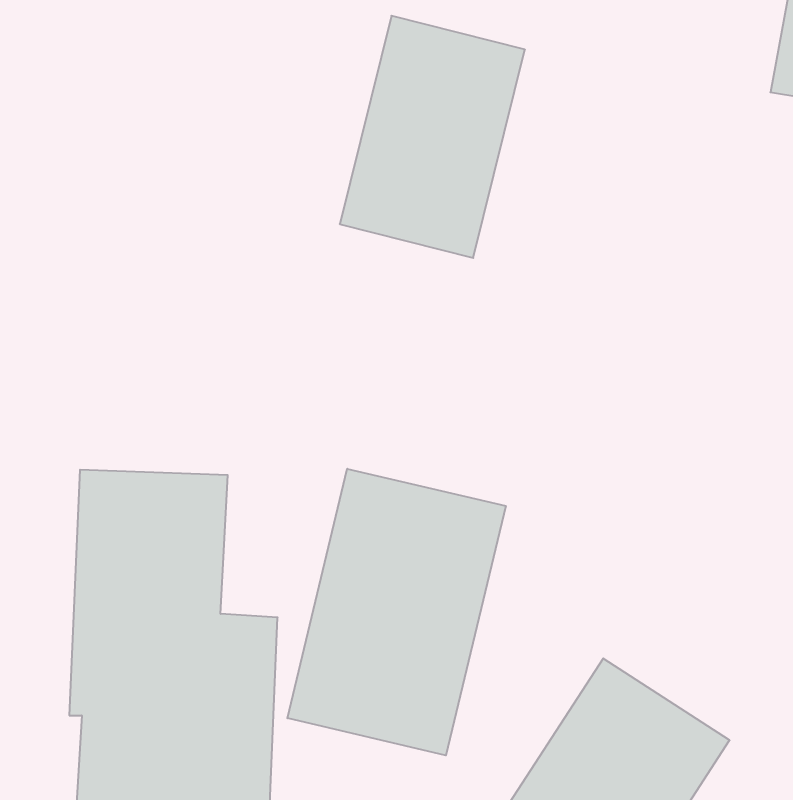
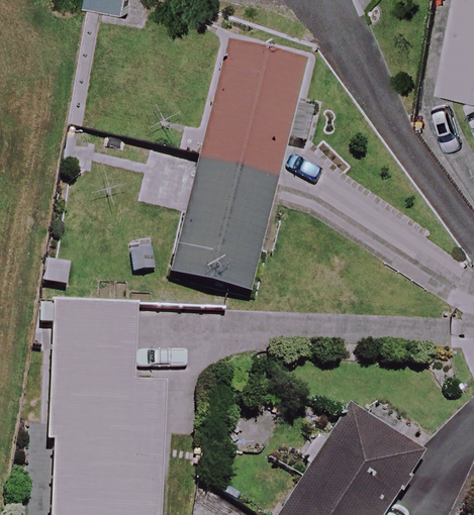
building: none -> [173,164,275,292]
building: [287,469,506,755] -> none

